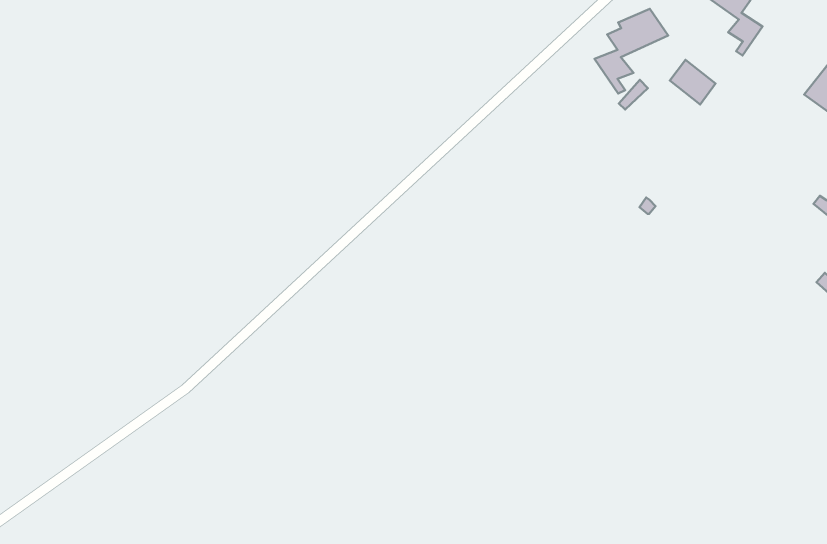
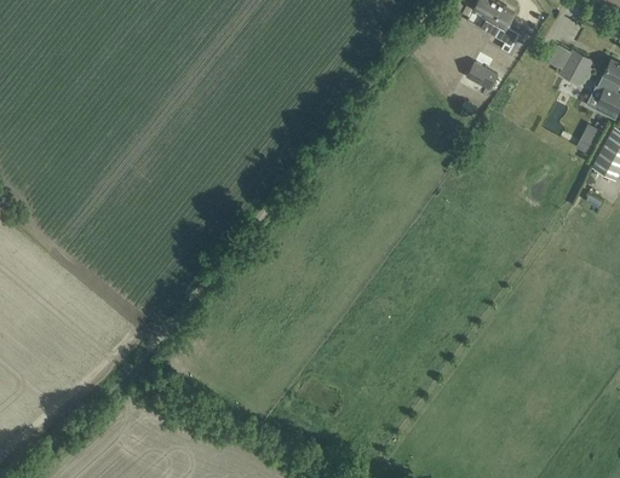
building: [595,9,668,93] -> none

